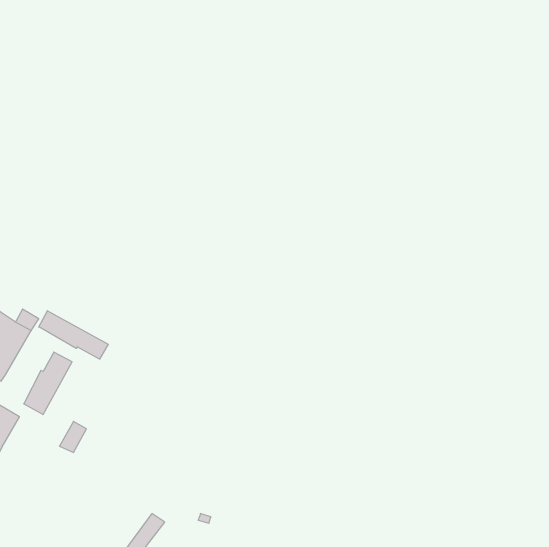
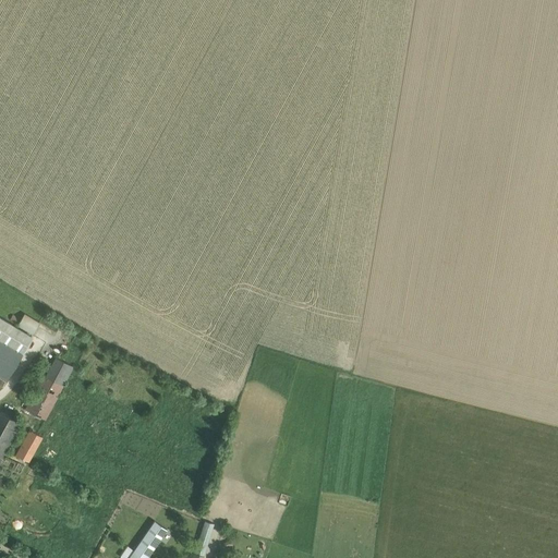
building: [39,311,108,359] -> none
building: [59,421,86,453] -> [14,433,41,464]

